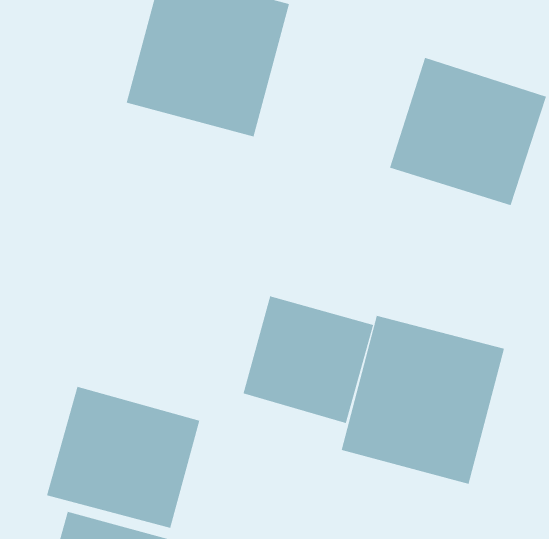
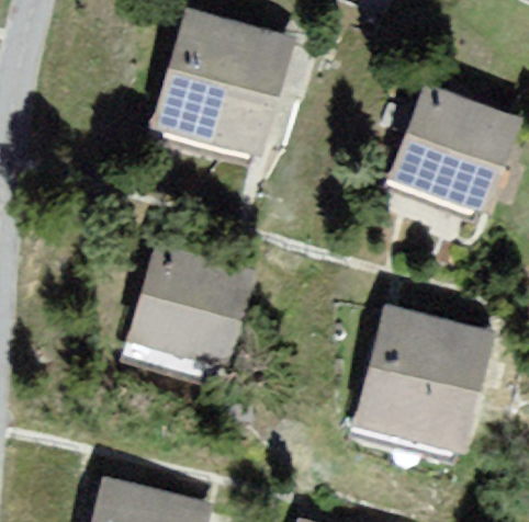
building: [243,295,374,424] -> none
building: [46,386,200,529] -> [123,246,256,368]

